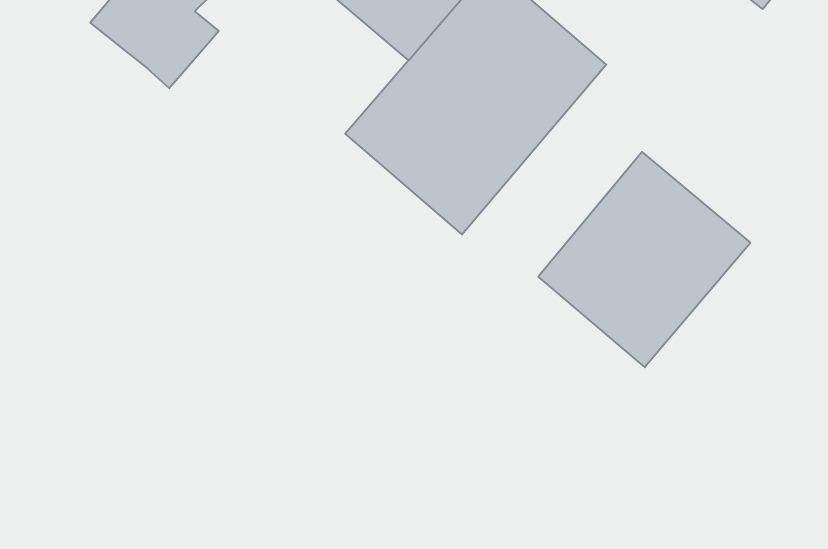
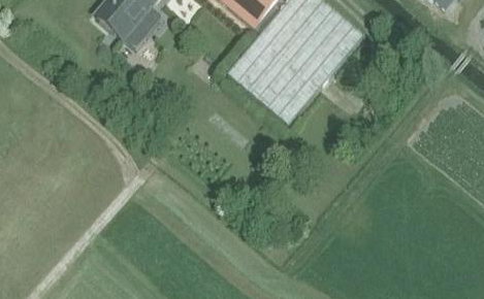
building: [538,152,750,367] -> none

